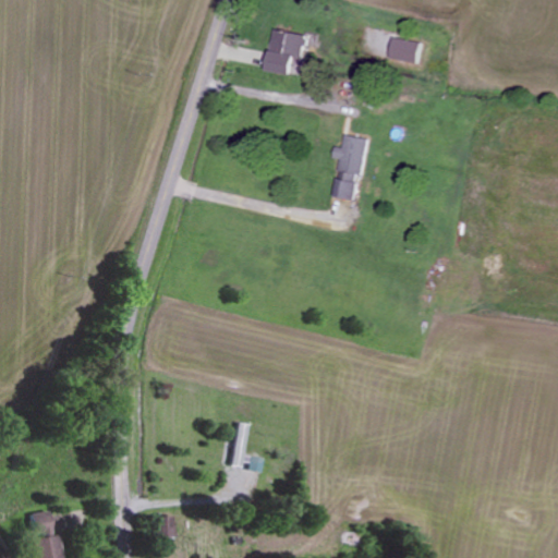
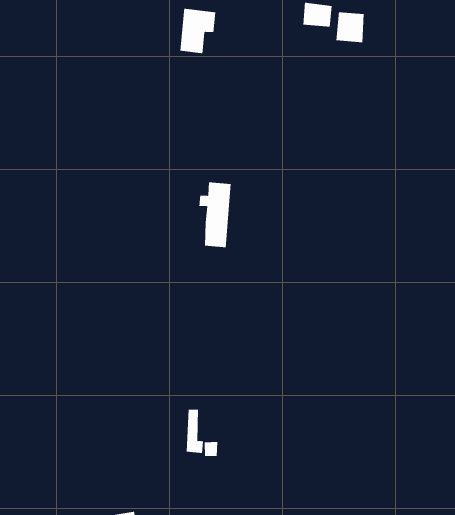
building: none -> [336,12,364,43]
building: [333,134,368,201] -> [199,182,232,248]

